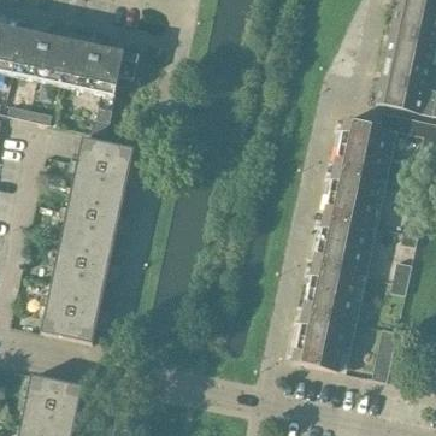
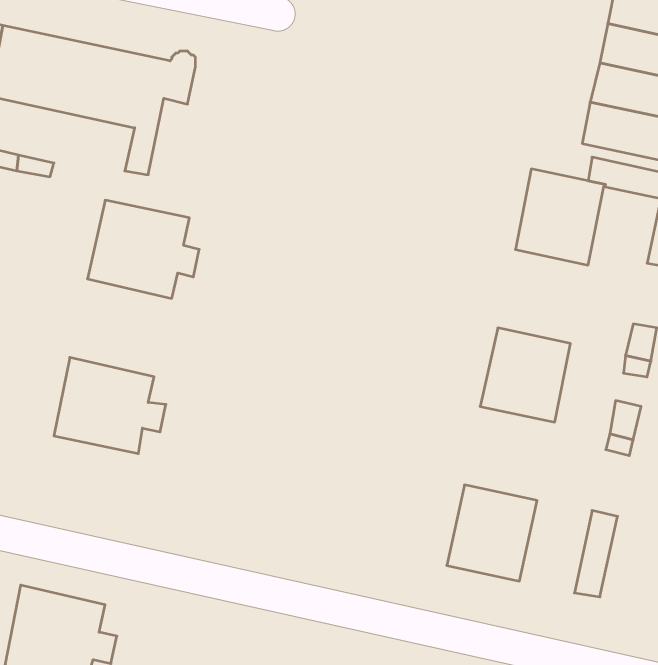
building: [325,166,381,224] -> none
building: [63,184,132,244] -> none
building: [305,263,360,320] -> none
building: [42,281,111,342] -> none

